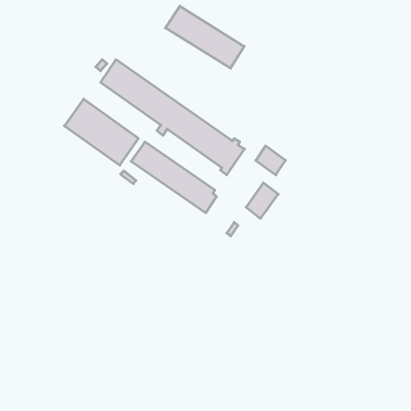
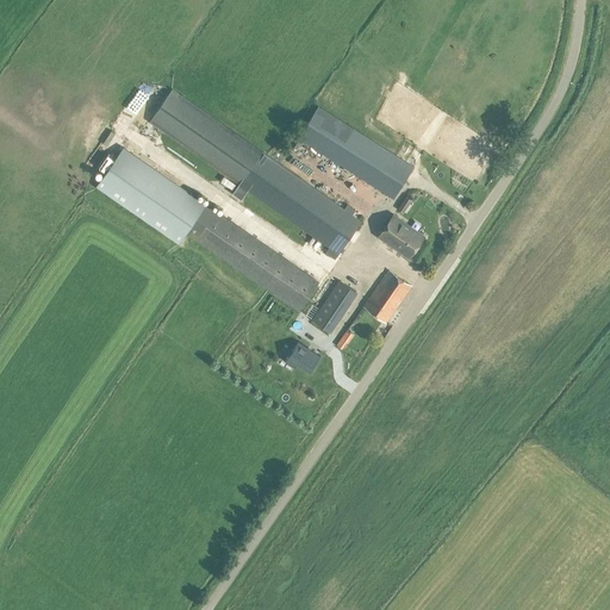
building: [165,6,244,68] -> [298,108,415,200]
building: none -> [312,281,357,334]
building: none -> [288,342,320,373]

